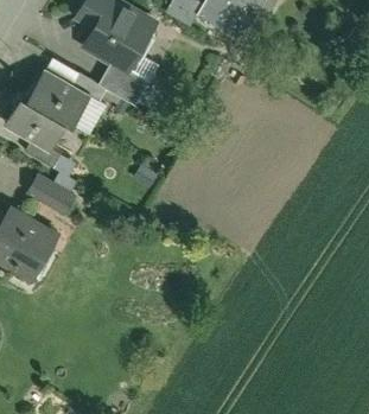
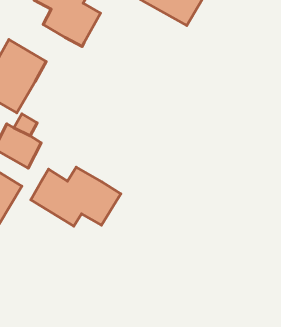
building: [97,63,151,104] -> none
building: none -> [31,167,121,226]

